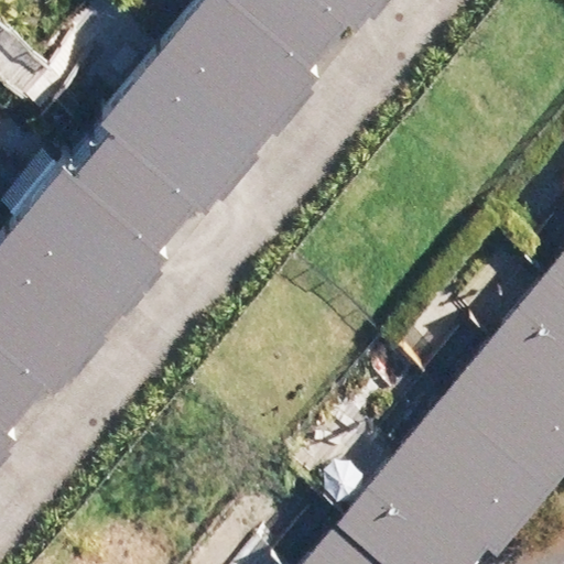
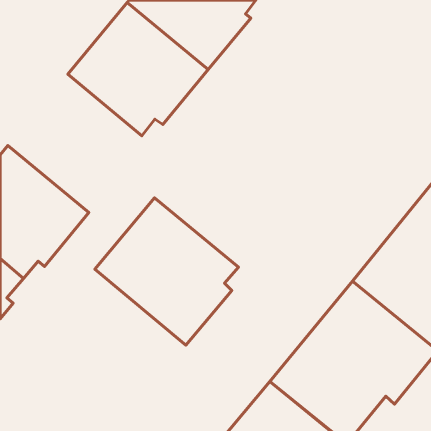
building: [28,111,197,286] -> none
building: none -> [95,198,238,345]

